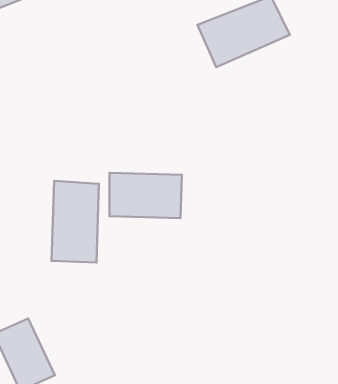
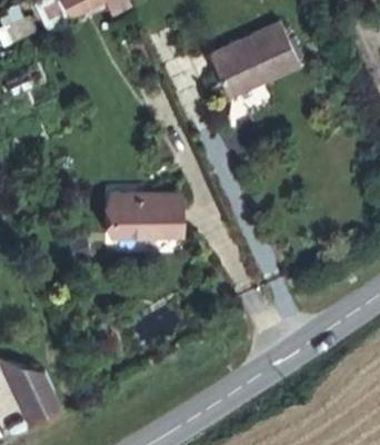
building: [52,181,99,262] -> none

